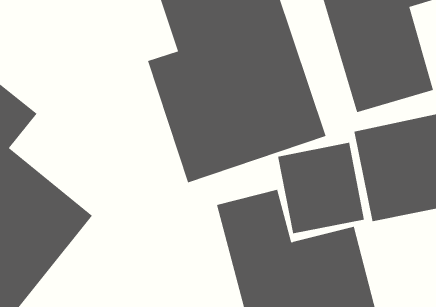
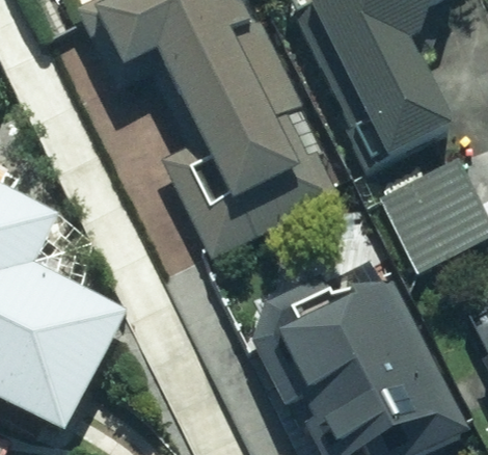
building: [277,142,365,234] -> none

